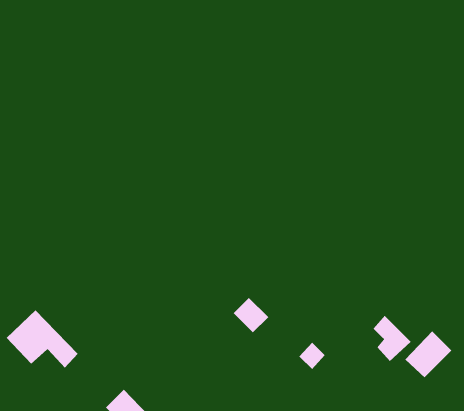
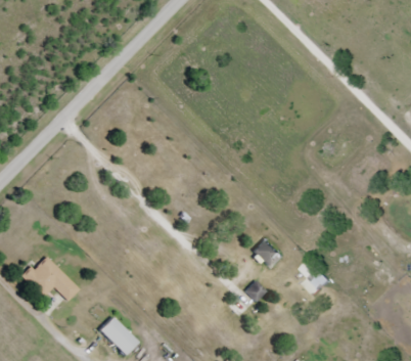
building: [233,297,269,333] -> [254,238,281,266]
building: [405,330,452,378] -> none

